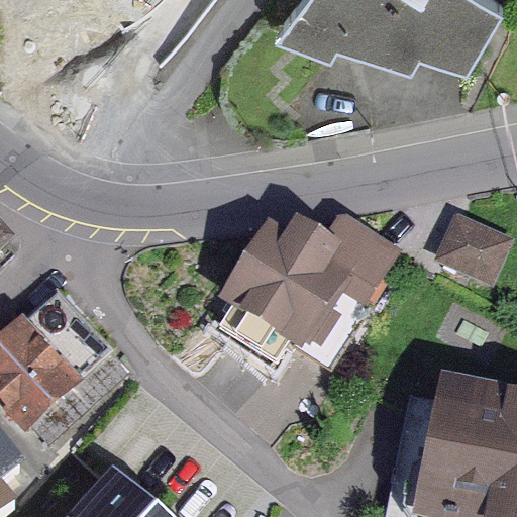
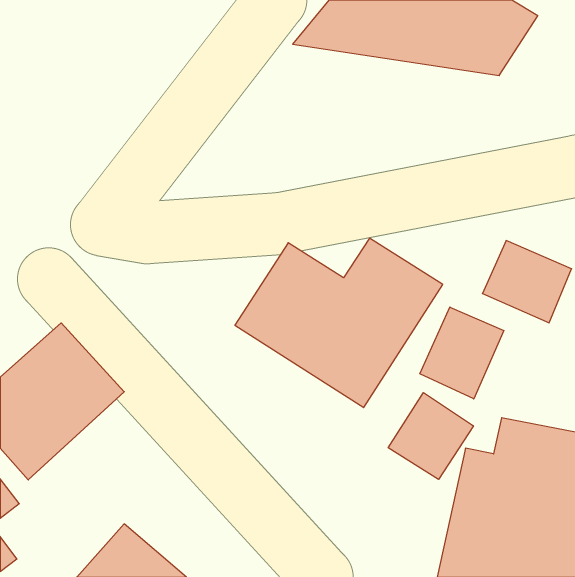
building: none -> [420,307,504,399]
building: none -> [388,393,473,479]

